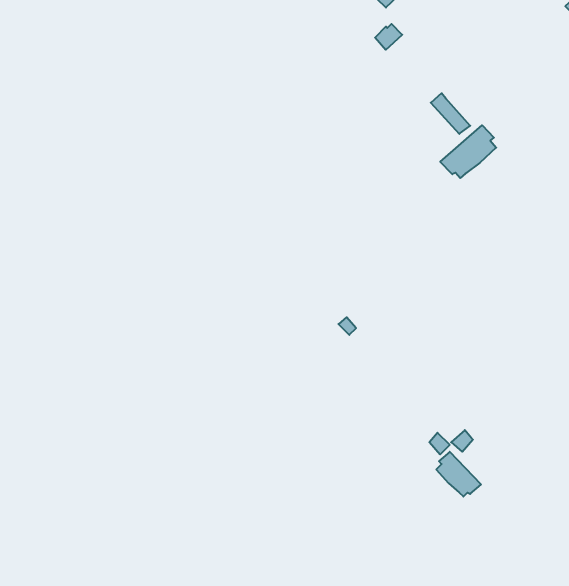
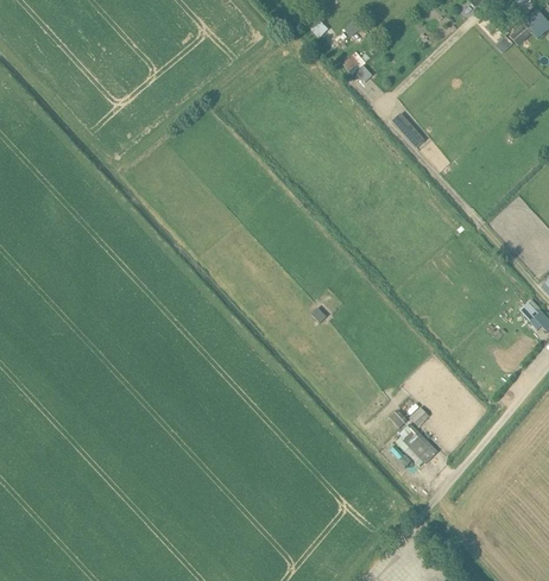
building: [440,125,496,178] -> none

